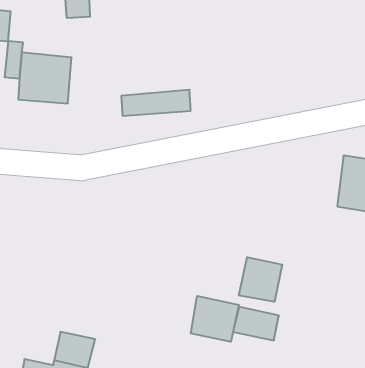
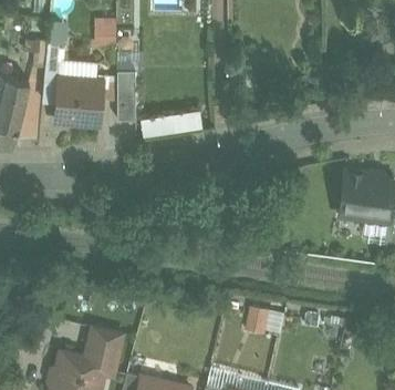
building: none -> [116,70,135,119]
building: [239,257,282,302] -> none
building: [191,296,239,342] -> none

